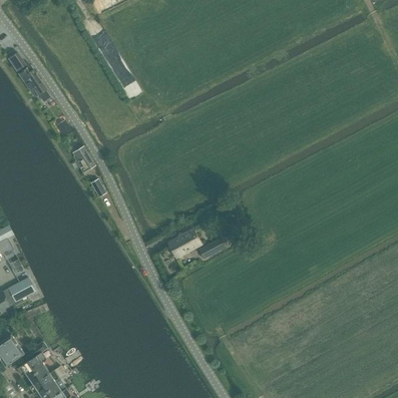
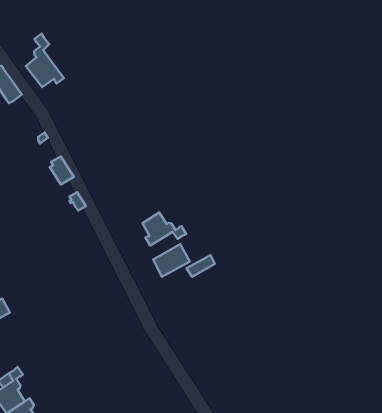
building: none -> [26,33,64,87]
building: none -> [142,212,186,245]

